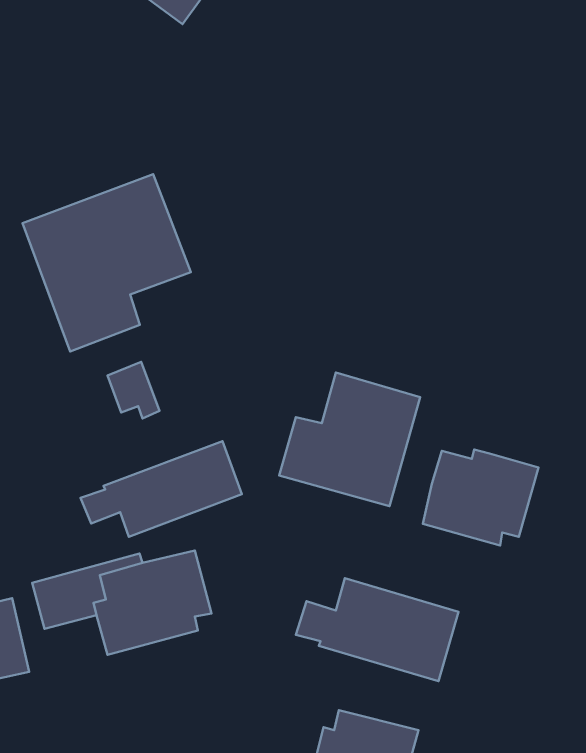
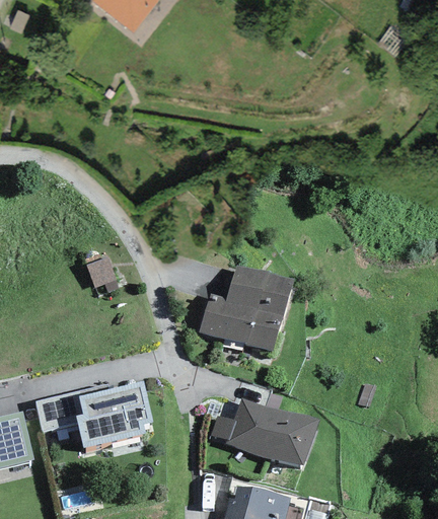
building: [23,174,191,352] -> none
building: [81,441,242,537] -> none
building: [423,450,538,546] -> none

